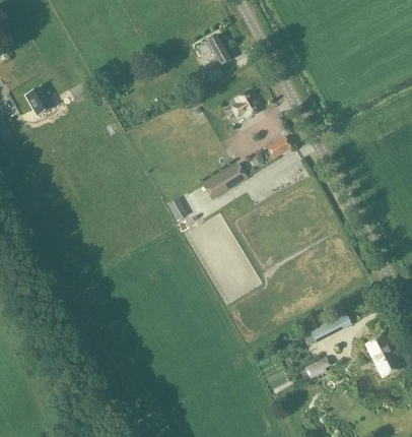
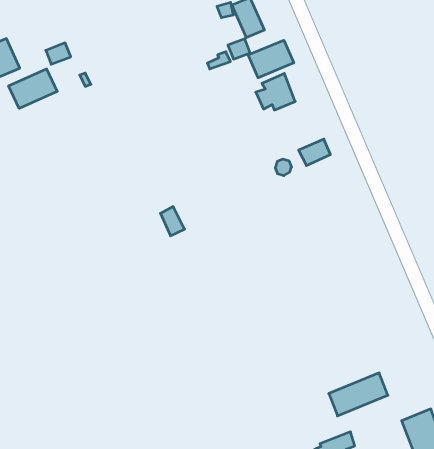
building: none -> [248,40,294,78]
building: none -> [9,69,57,108]
building: [204,162,248,197] -> none

